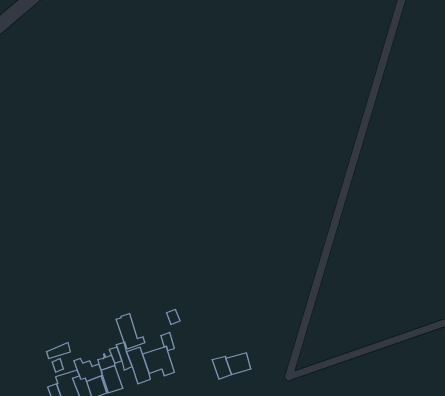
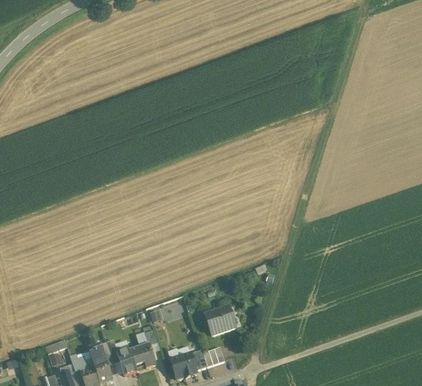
building: none -> [208,305,235,335]
building: [116,313,145,349] -> none
building: none -> [169,354,195,380]

